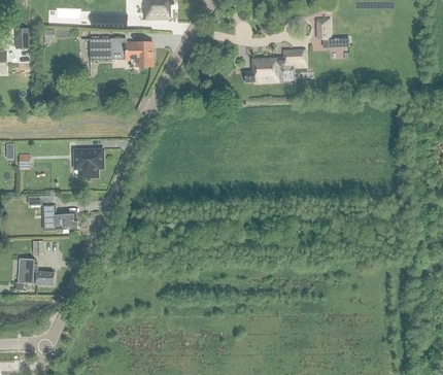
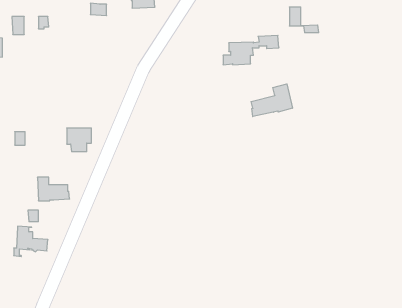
building: [89,38,151,66] -> none
building: none -> [251,84,292,117]

